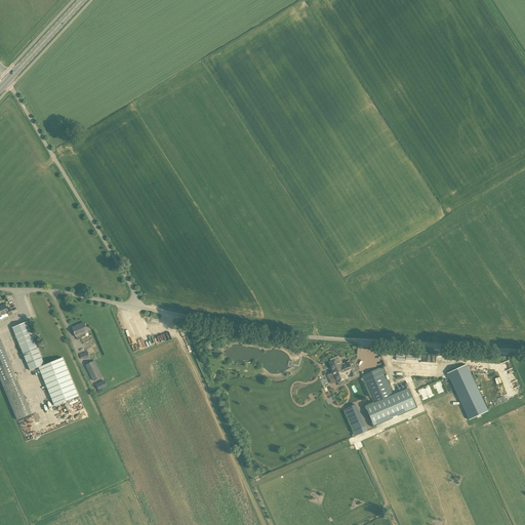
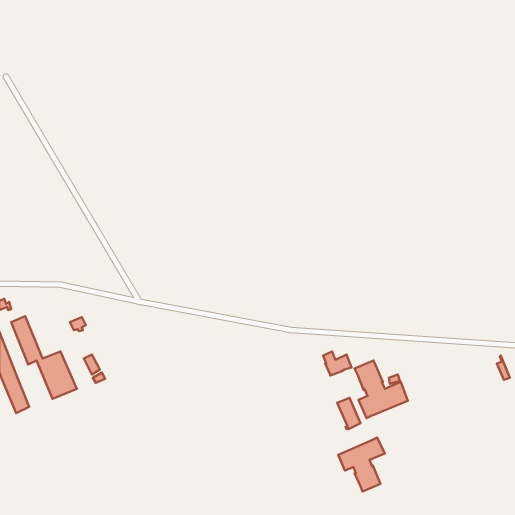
building: [446,364,487,419] -> none
building: none -> [338,438,385,492]

